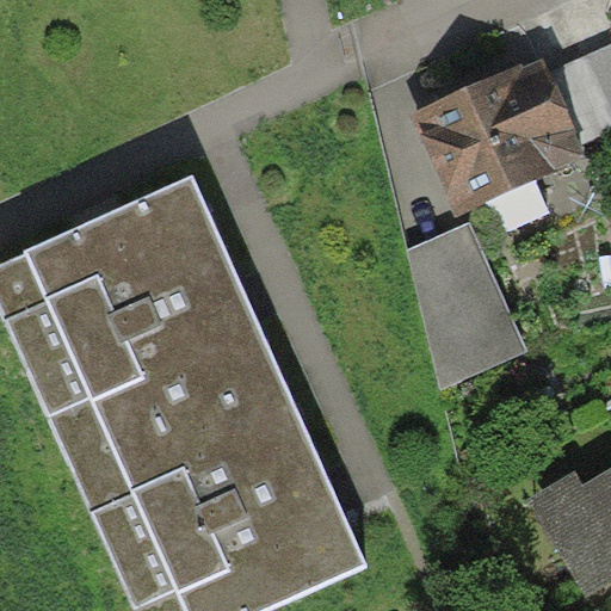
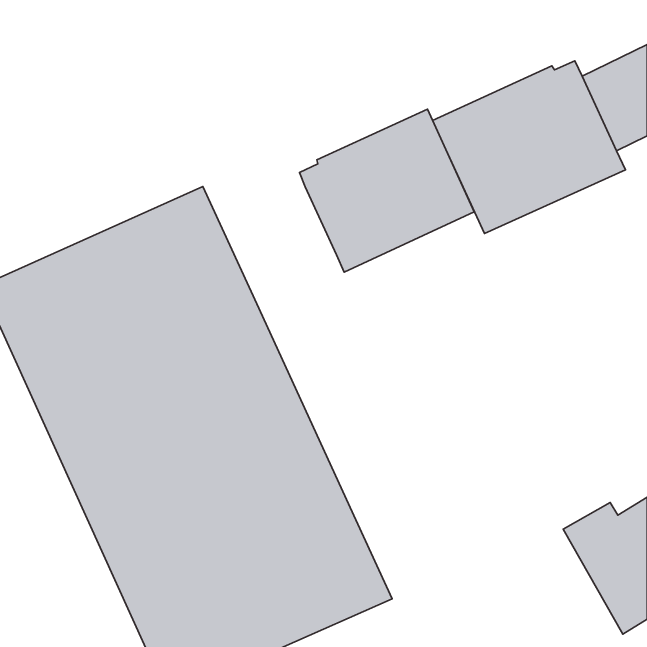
building: none -> [299,109,474,272]
building: [406,222,526,390] -> none

